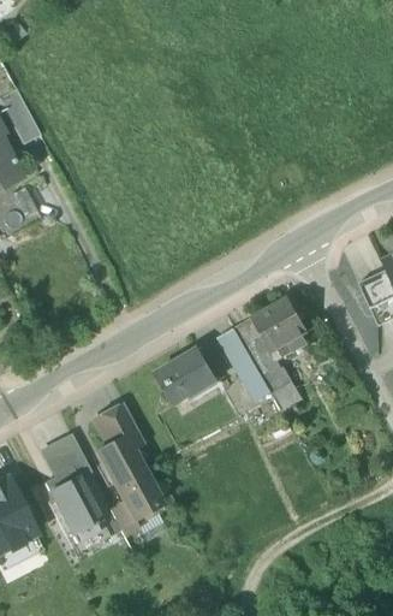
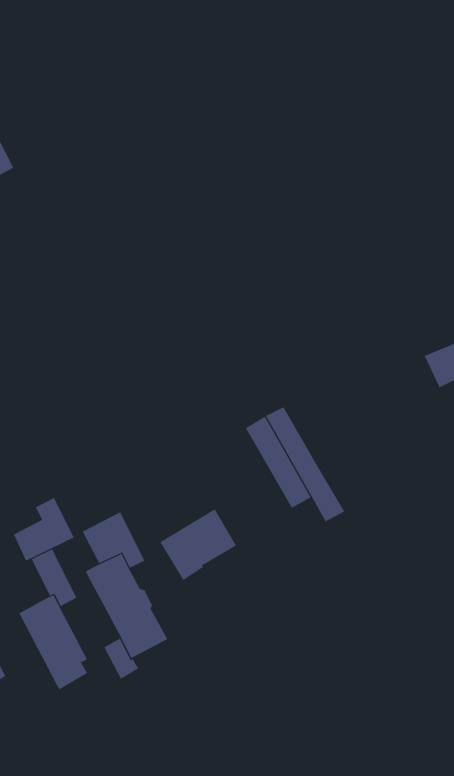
building: [252,297,314,359] -> none
building: [159,348,219,404] -> [160,508,237,581]
building: none -> [13,497,75,561]

